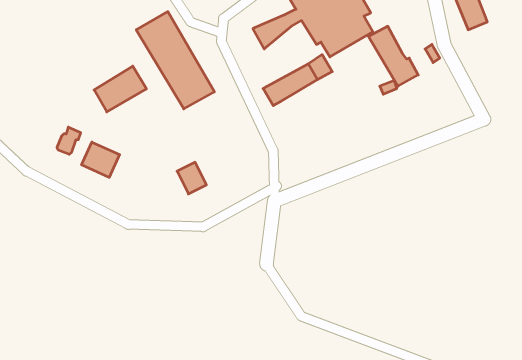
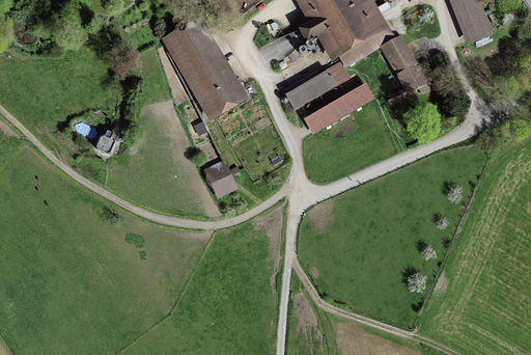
building: [94,66,146,112] -> none
building: none -> [303,80,374,133]
building: [82,142,120,177] -> none

